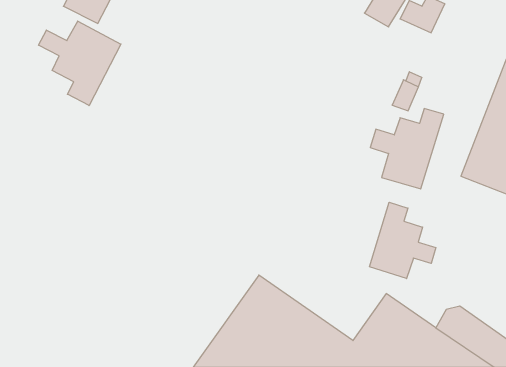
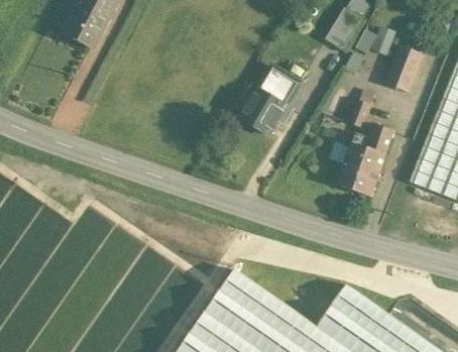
building: [39,21,121,106] -> none
building: none -> [386,47,426,96]
building: none -> [242,68,302,136]
building: [369,202,436,279] -> none

